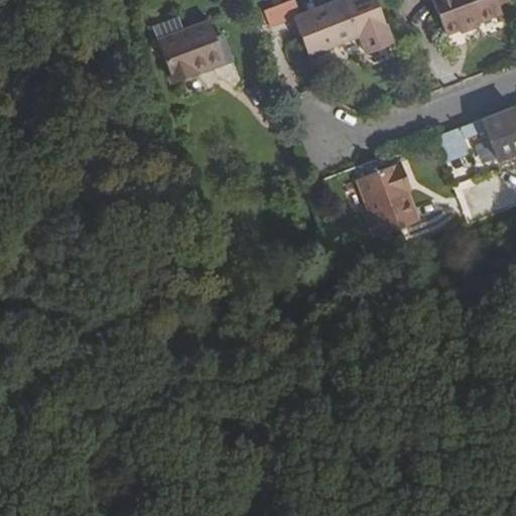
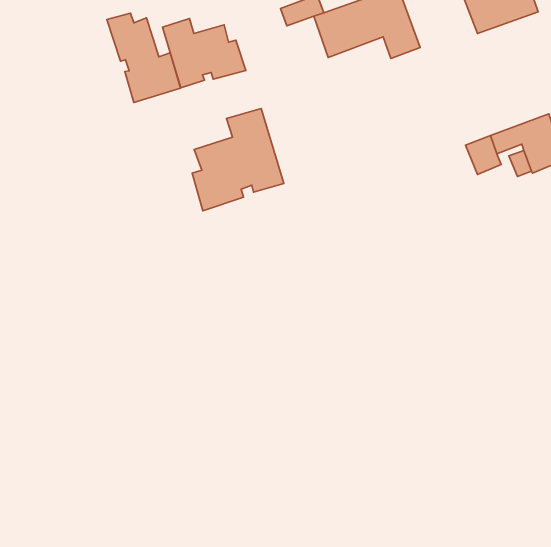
building: none -> [107,13,181,102]
building: none -> [192,109,284,211]
building: [359,161,419,235] -> none

